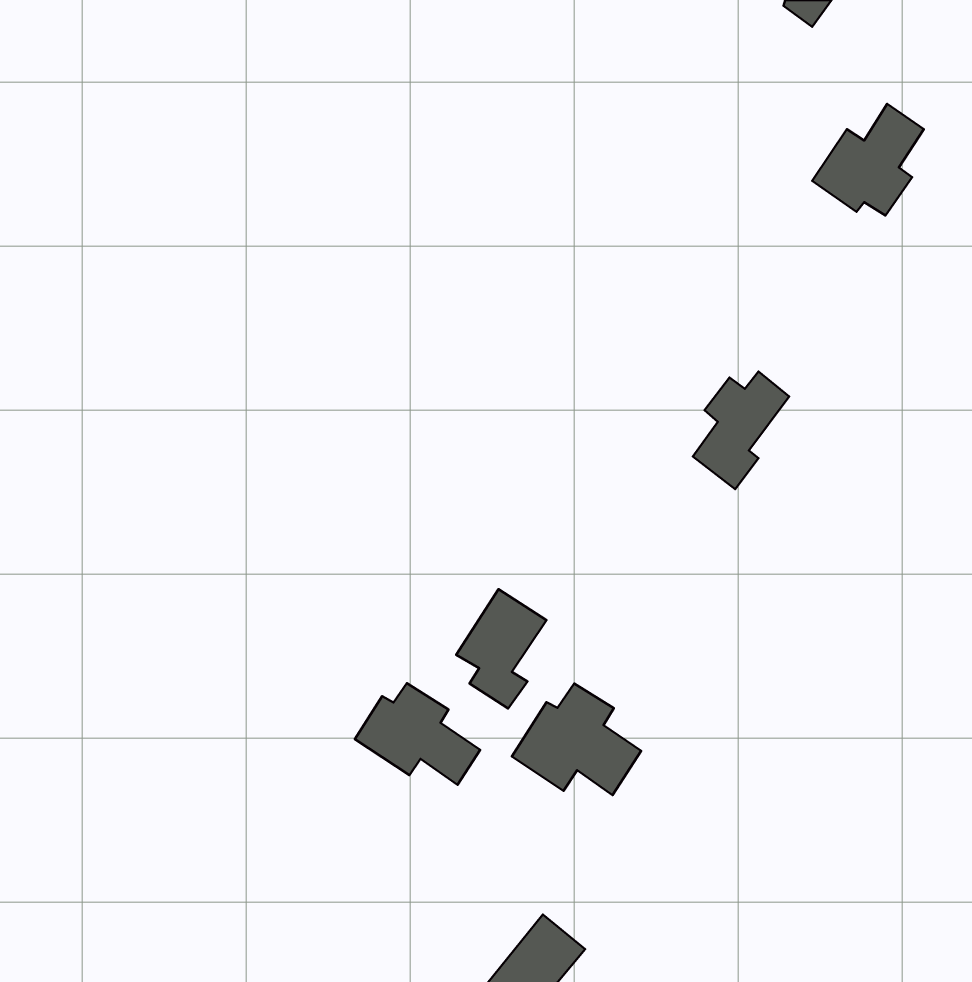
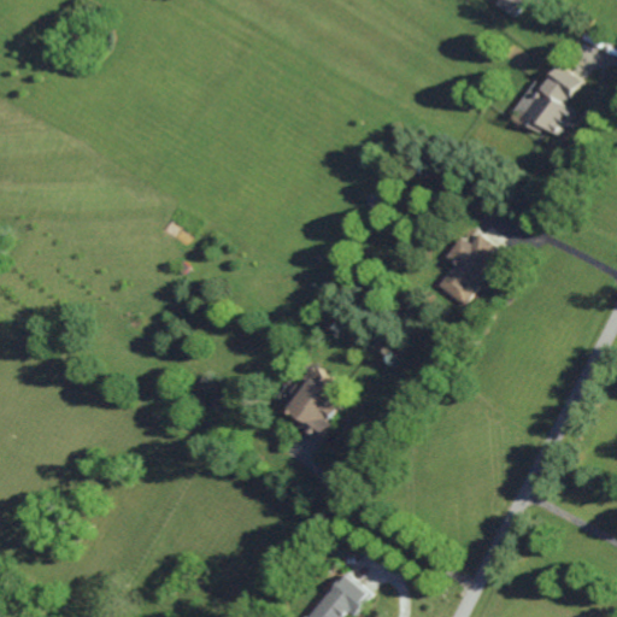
building: [355,683,480,785] -> none
building: [512,683,641,795] -> none

